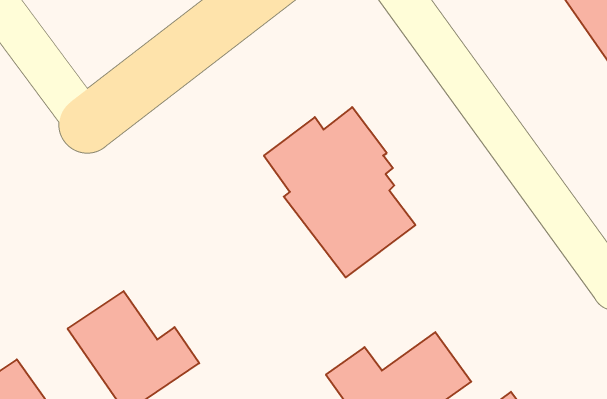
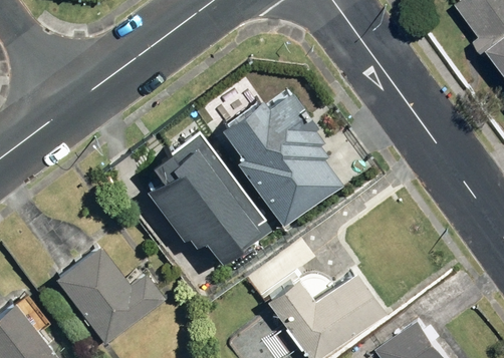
building: none -> [152,146,267,269]

